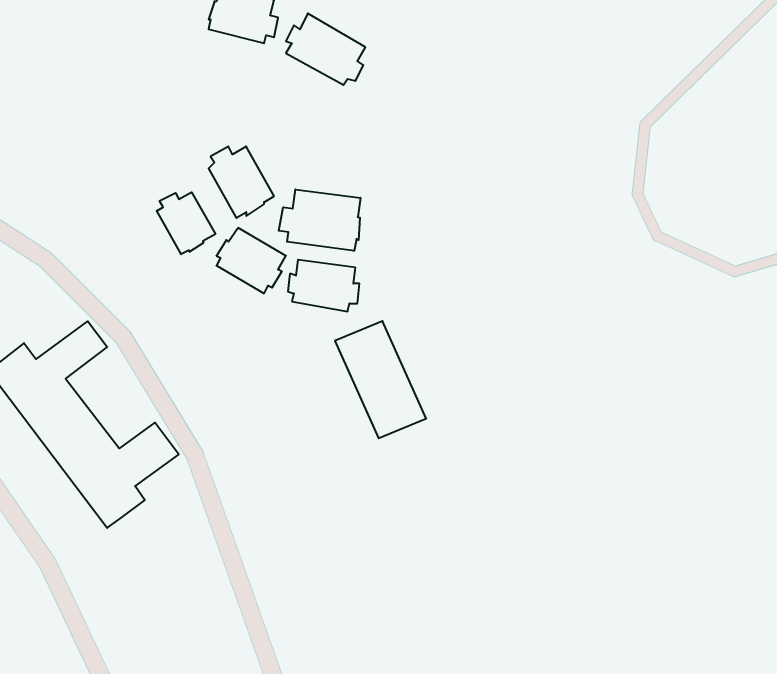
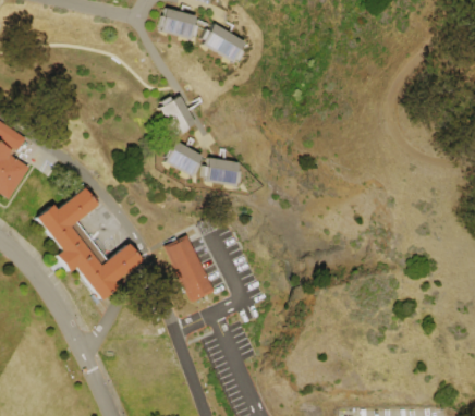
building: [279,189,360,251] -> none
building: [157,192,215,254] -> none
building: [335,321,426,438] -> [166,237,216,302]

